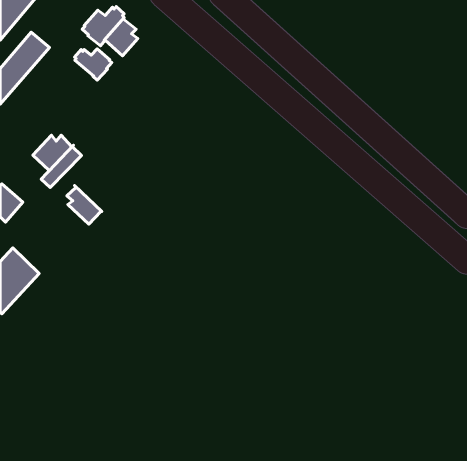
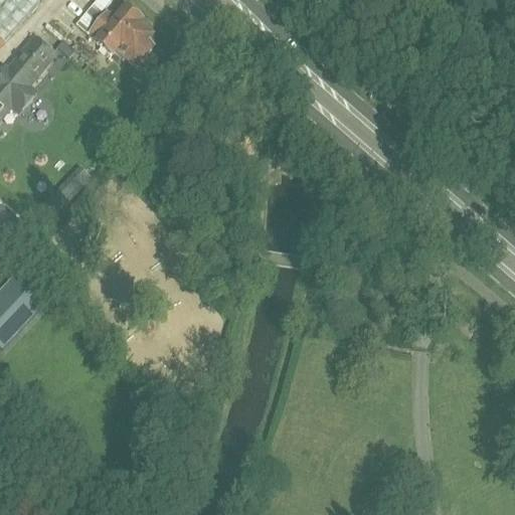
building: [75,49,112,80] -> none
building: [33,135,73,171] -> none
building: [67,186,102,224] -> none

